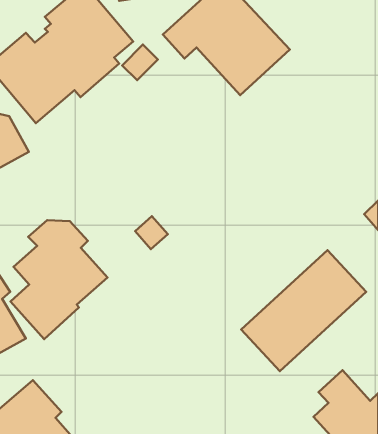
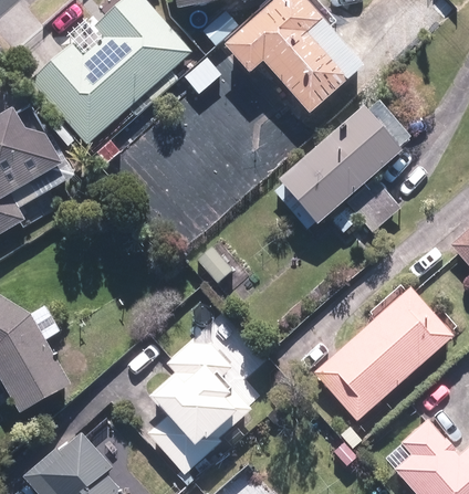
building: none -> [270,98,415,245]
building: [10,220,108,339] -> [145,344,253,476]

